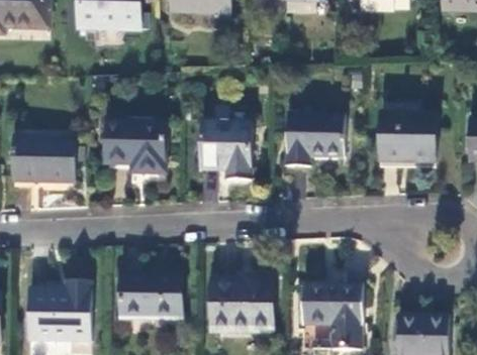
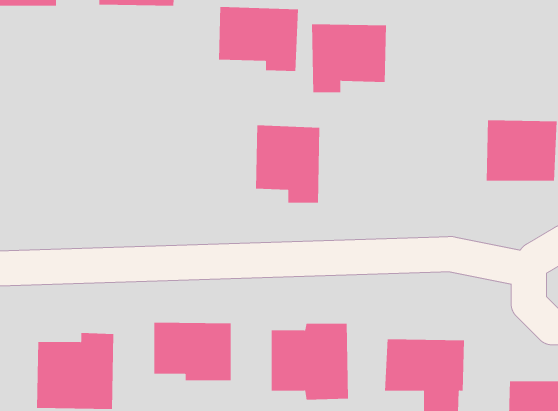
building: [285,115,344,168] -> [311,24,387,93]
building: [104,123,167,173] -> [218,6,299,72]
building: [11,137,73,184] -> none

